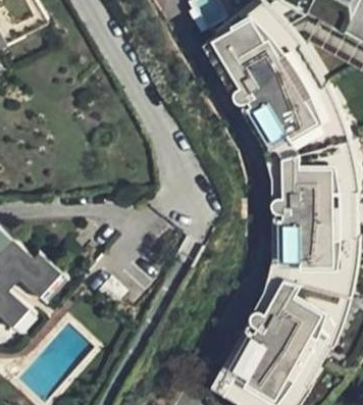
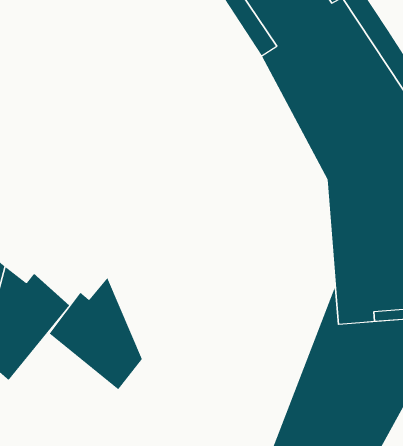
building: none -> [49,277,143,390]

